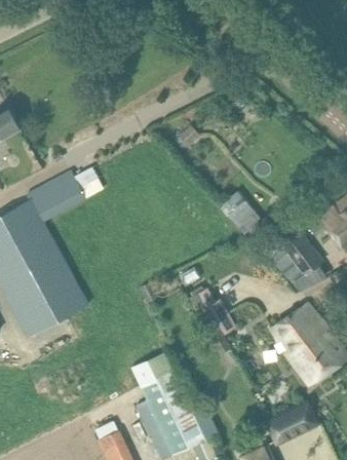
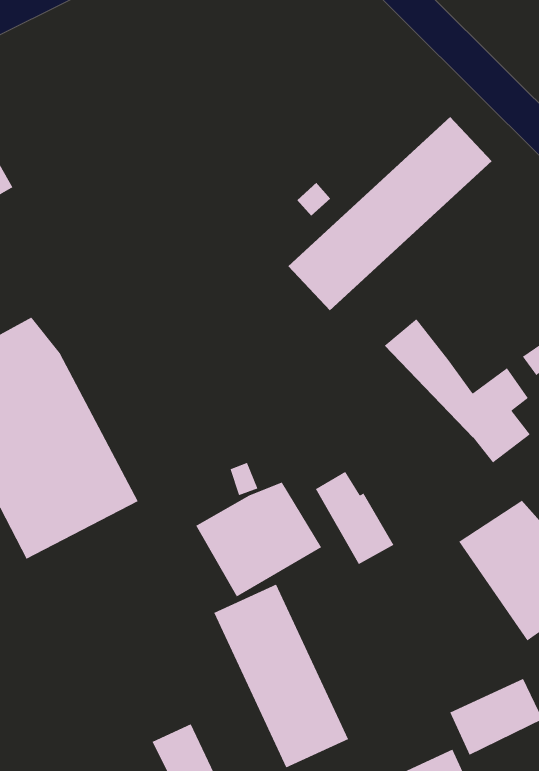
building: none -> [288,116,492,311]
building: [26,171,85,221] -> none
building: none -> [195,482,322,598]

